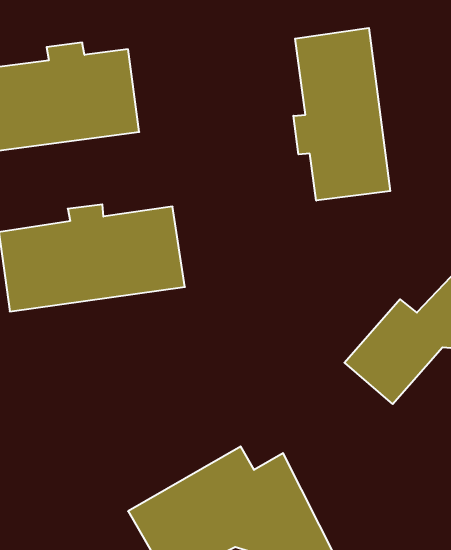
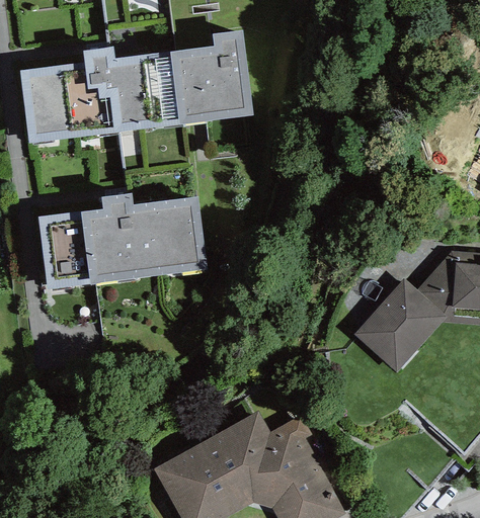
building: none -> [155,30,253,126]
building: [293,28,390,201] -> none

